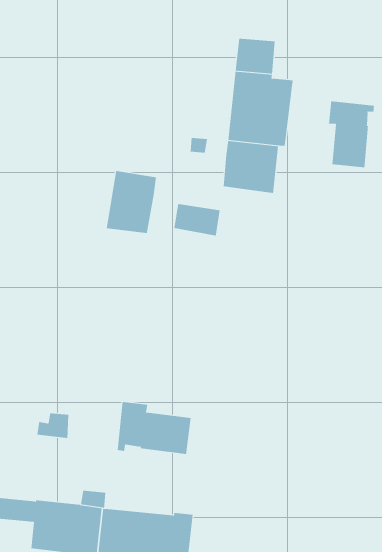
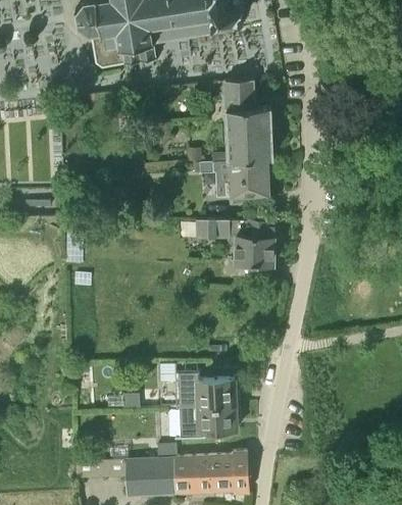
building: [328,100,374,168] -> none
building: [106,170,156,234] -> none
building: none -> [234,220,274,263]
building: none -> [173,406,236,434]

